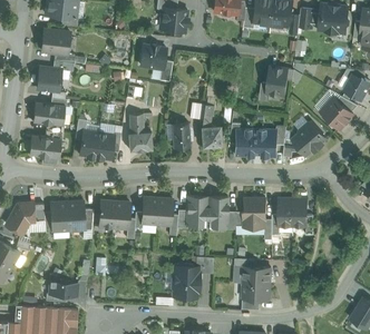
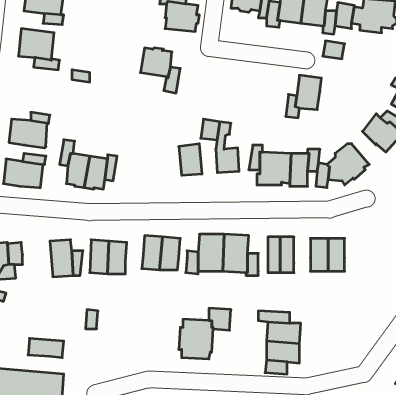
building: [37,68,61,92] -> none
building: [128,115,152,151] -> none
building: [50,203,69,233] -> none

